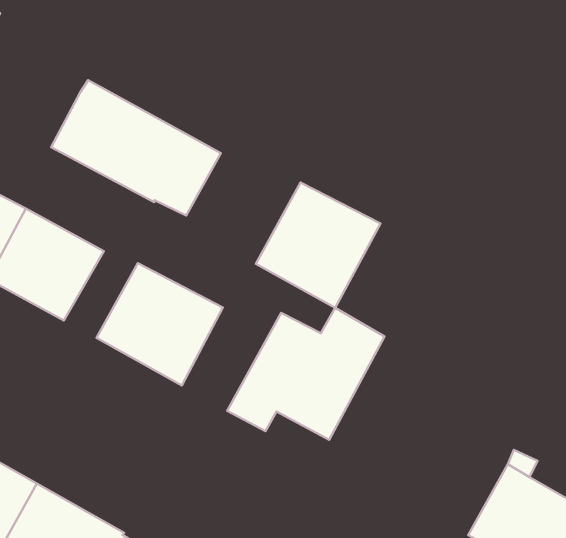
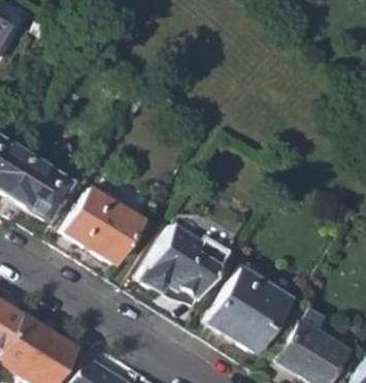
building: [51,80,221,216] -> none
building: [256,182,381,308] -> none
building: none -> [209,262,290,353]

